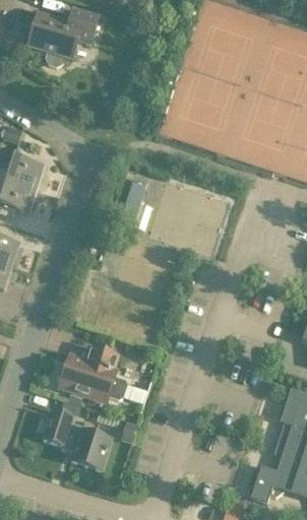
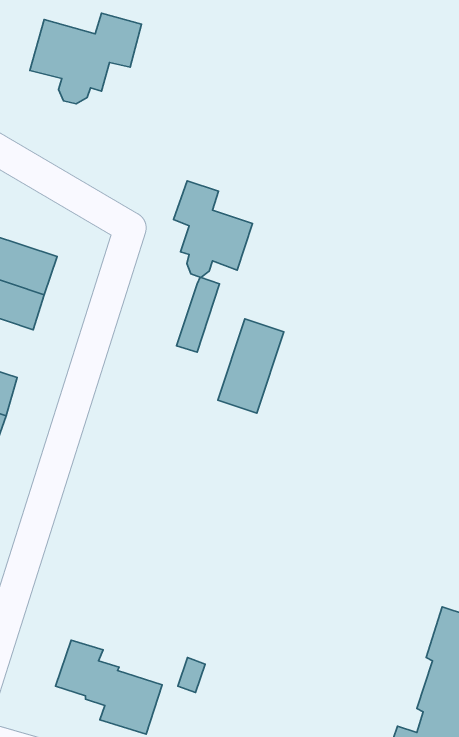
building: none -> [173,181,252,277]
building: none -> [218,319,284,413]
building: [59,347,127,399] -> none

